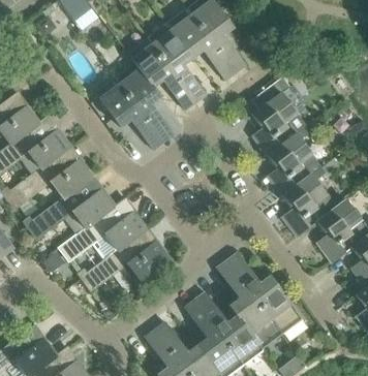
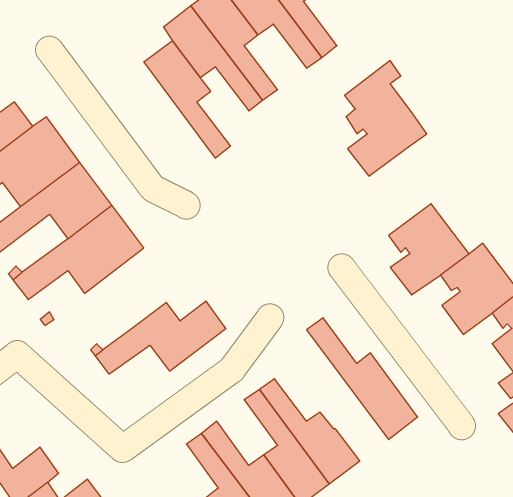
building: [95,77,163,150] -> none
building: [267,134,319,195] -> none
building: [58,197,148,261] -> none
building: [215,259,281,348] -> none

